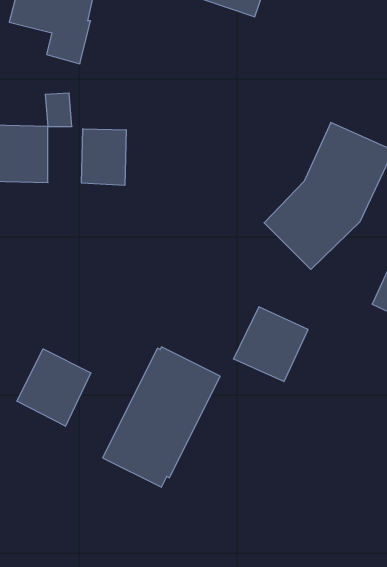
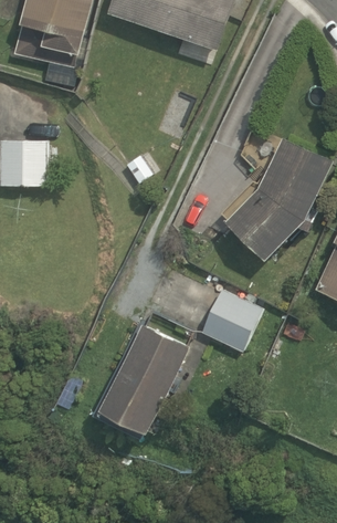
building: [82,129,126,185] -> none
building: [17,349,91,426] -> none

